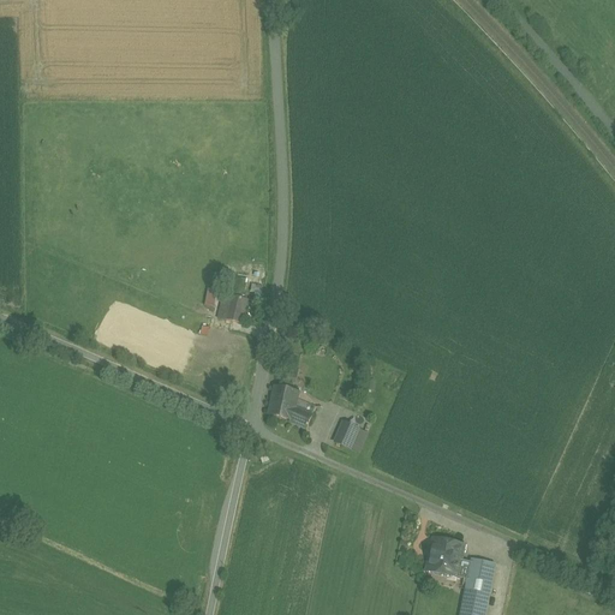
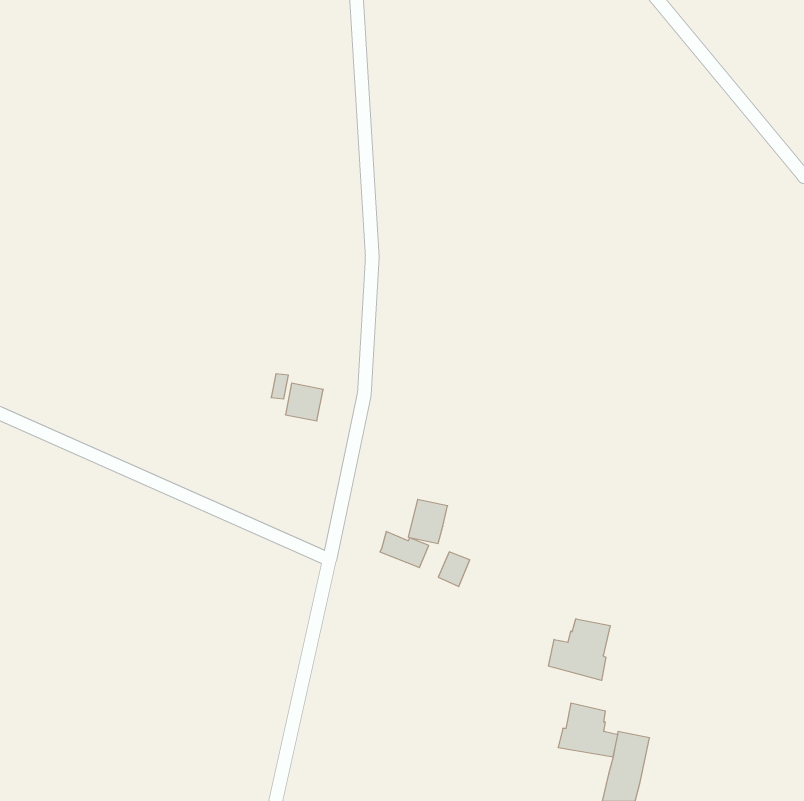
building: [268,384,298,418] -> [408,499,448,544]
building: none -> [548,619,610,680]

